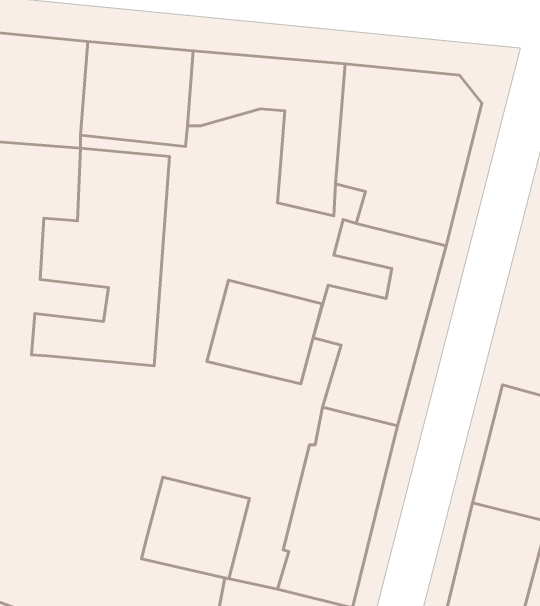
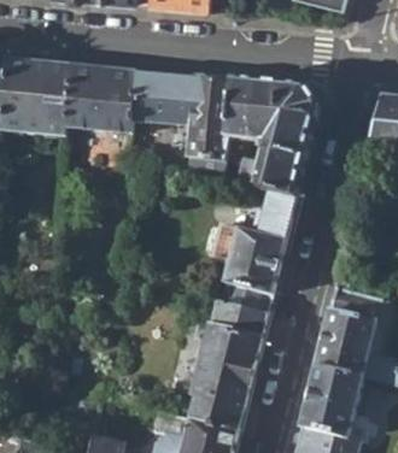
building: [32,148,170,366] -> none
building: [207,280,322,384] -> none
building: [142,477,250,579] -> none

